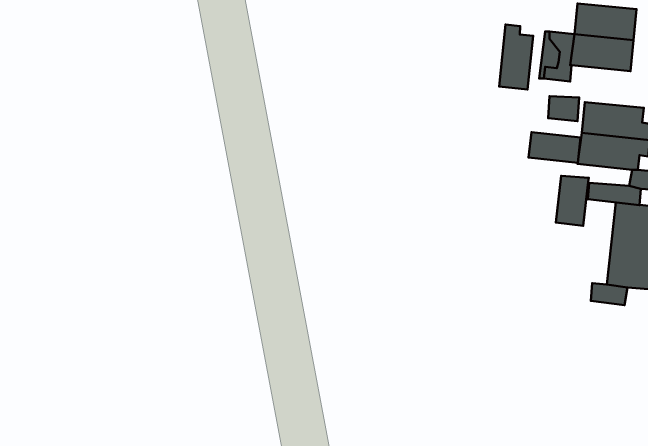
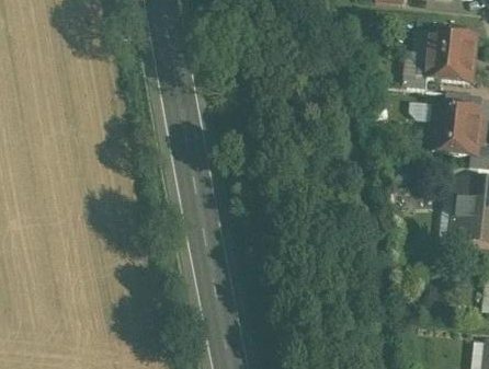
building: [499,24,533,90] -> none
building: [529,132,581,163] -> none
building: [556,176,589,226] -> none

